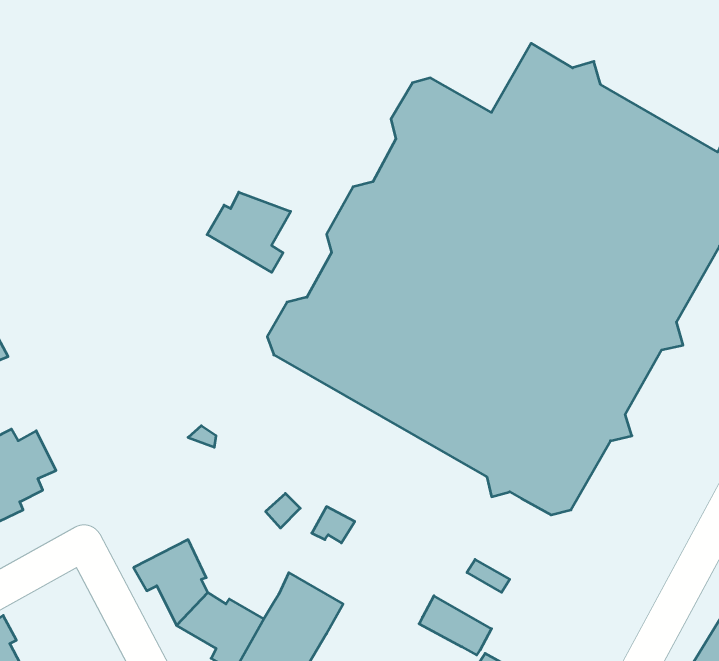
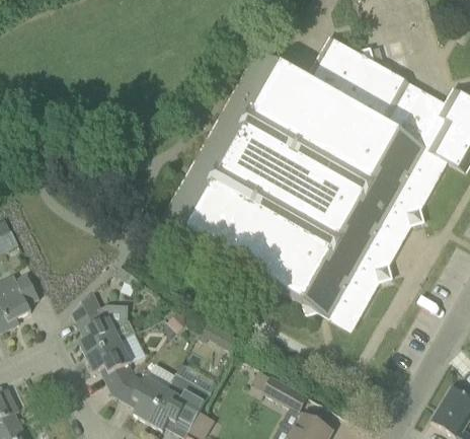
building: [207,192,291,272] -> none
building: none -> [73,292,137,359]

